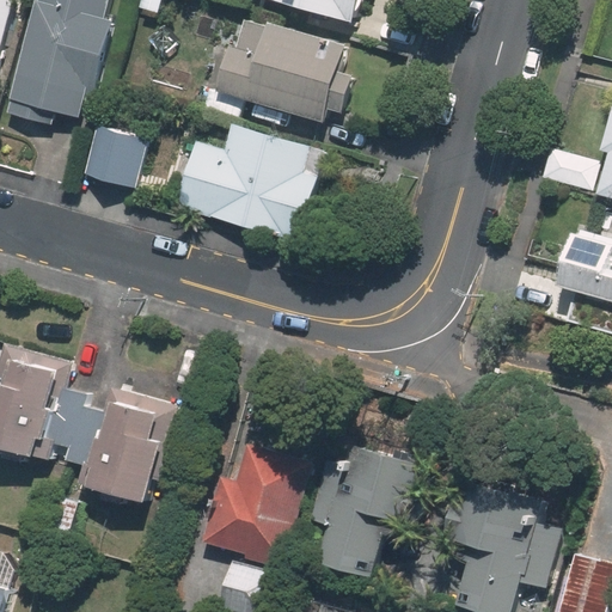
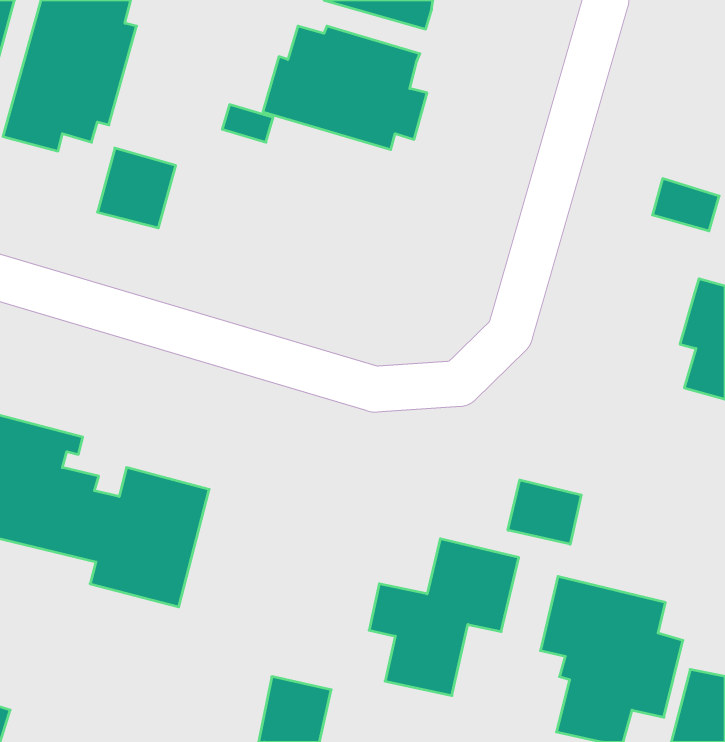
building: [173,124,326,245] -> none
building: none -> [508,480,581,544]
building: [203,437,306,561] -> none

